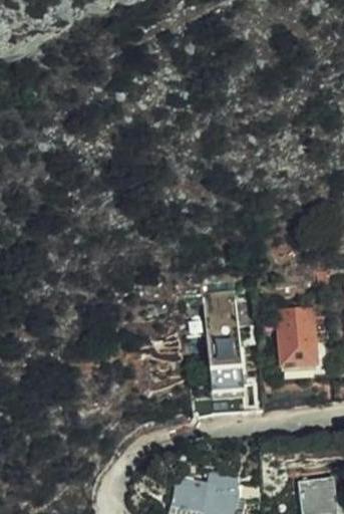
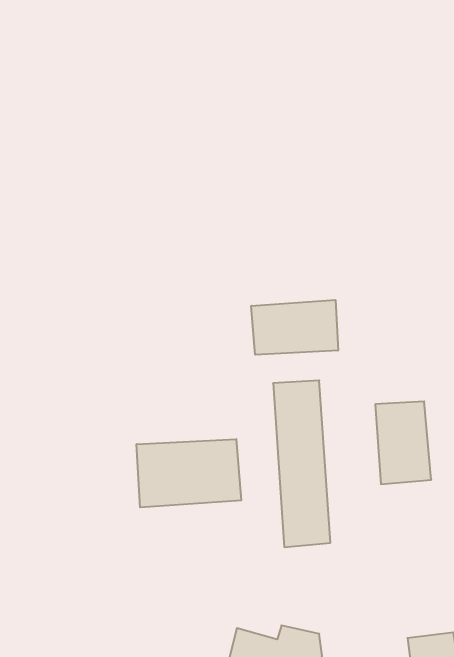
building: none -> [251,300,338,355]
building: none -> [137,439,241,507]

